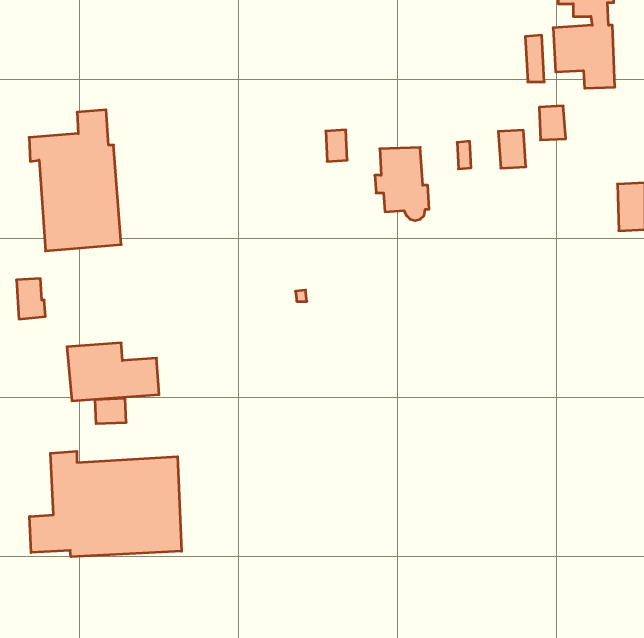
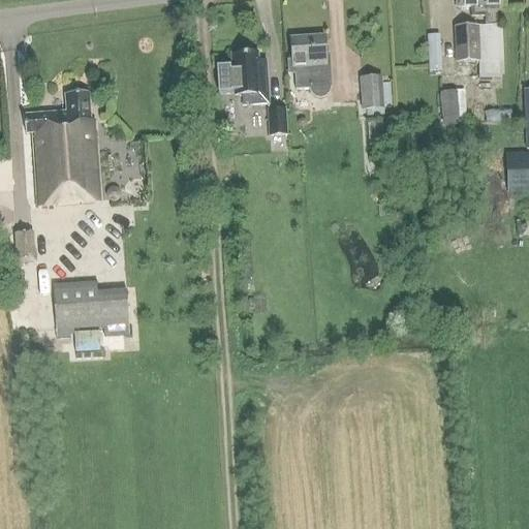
building: none -> [216,50,267,102]
building: [498,130,526,168] -> [360,75,382,106]
building: [375,147,429,221] -> [286,34,331,94]
building: [30,451,182,557] -> none

